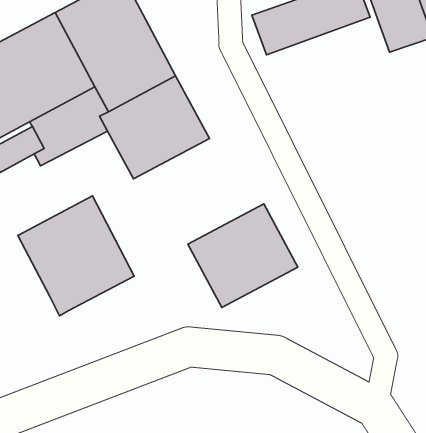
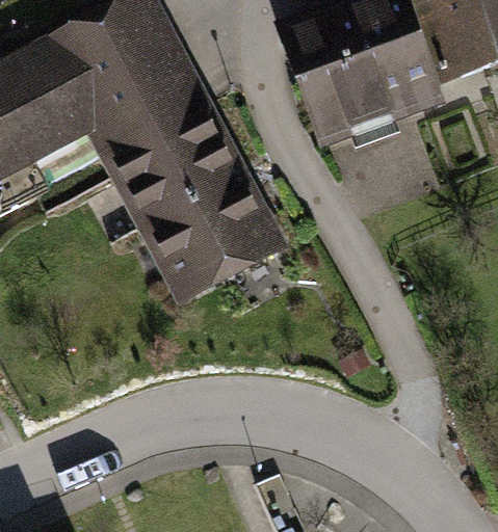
building: none -> [306,38,444,138]
building: [18,196,134,316] -> none
building: [188,204,298,308] -> [155,176,280,293]

